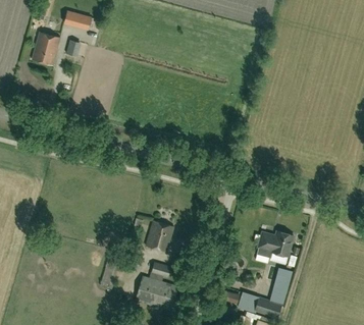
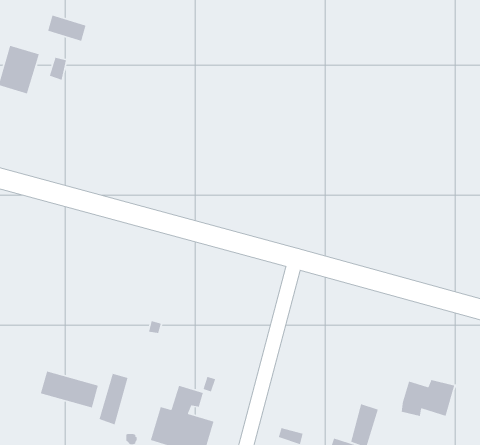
building: [146,220,173,252] -> none
building: [257,231,294,257] -> [401,379,455,417]
building: none -> [40,371,99,409]

